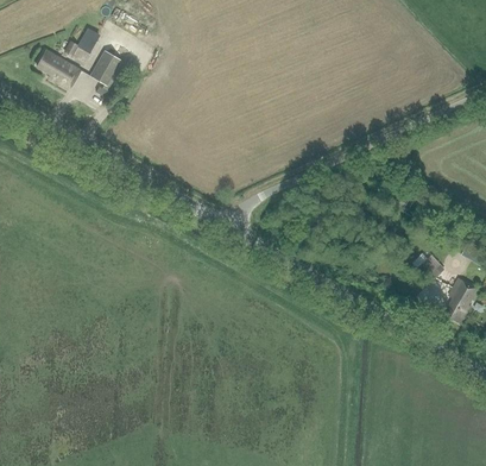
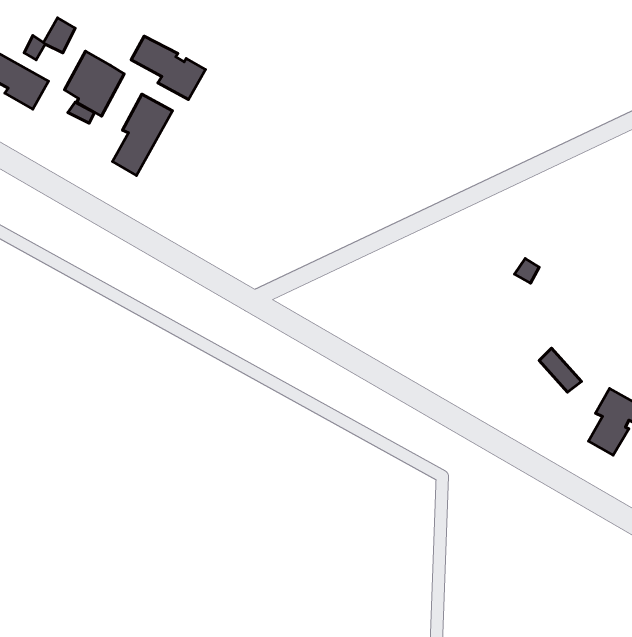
building: none -> [131,36,206,100]
building: none -> [112,94,172,175]

